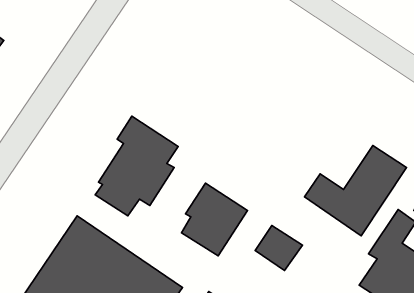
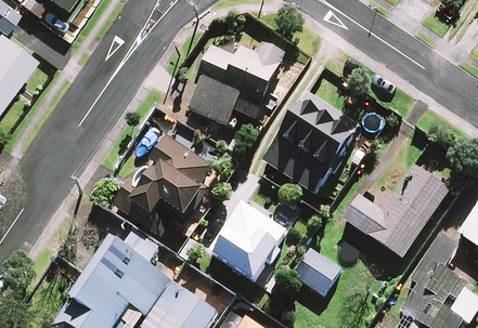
building: none -> [190,44,286,127]
building: none -> [263,92,361,195]

